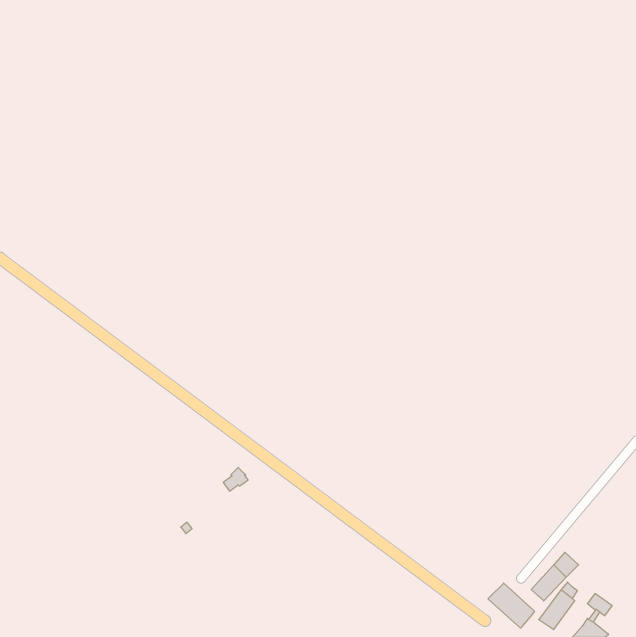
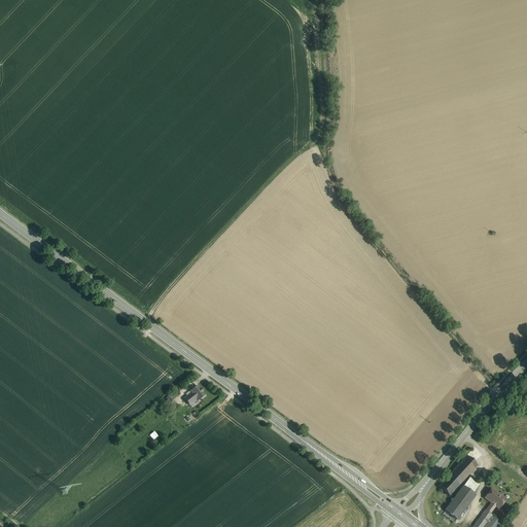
building: [488,583,534,628] -> none

